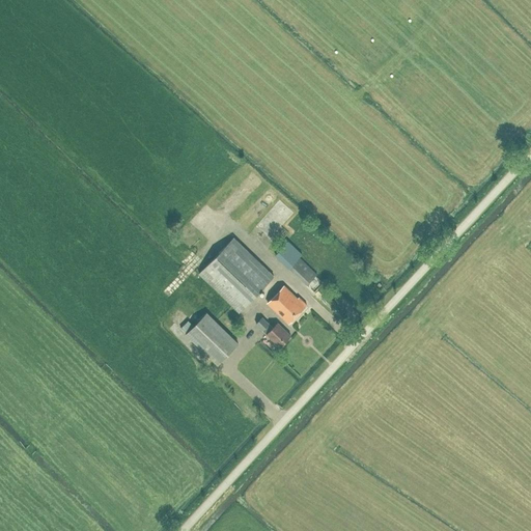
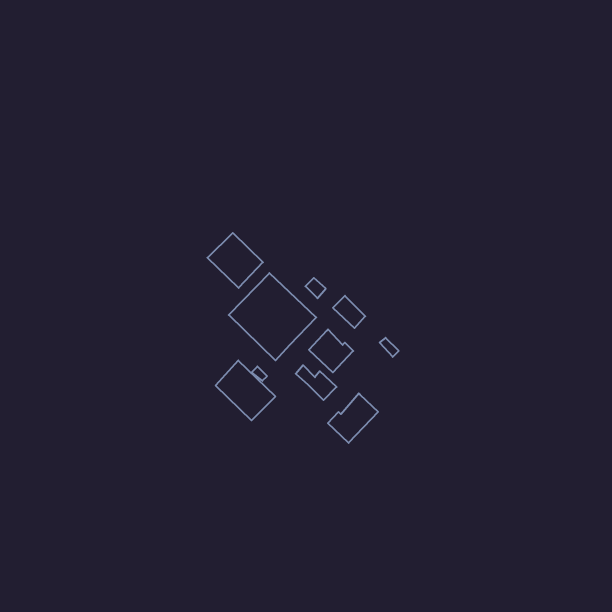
building: none -> [207,233,263,288]
building: none -> [328,393,378,443]

